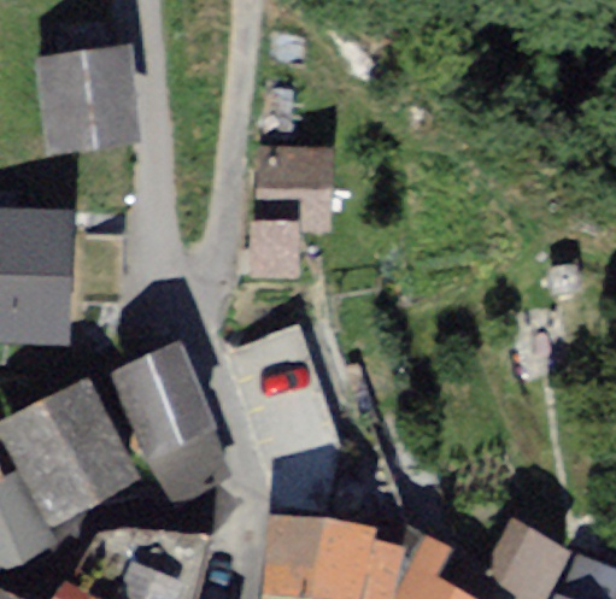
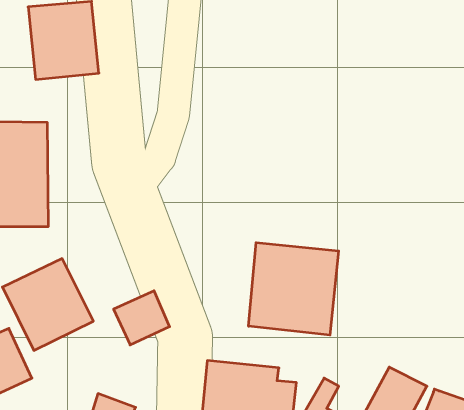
building: [248,147,328,269] -> none
building: [119,348,207,451] -> none
building: none -> [249,243,339,335]

